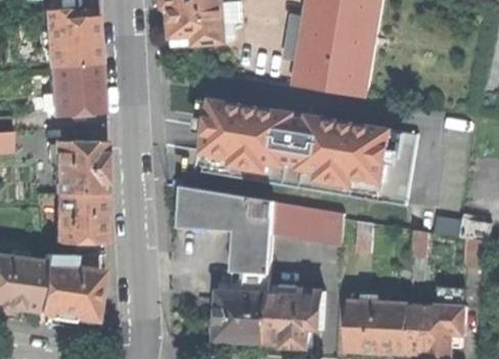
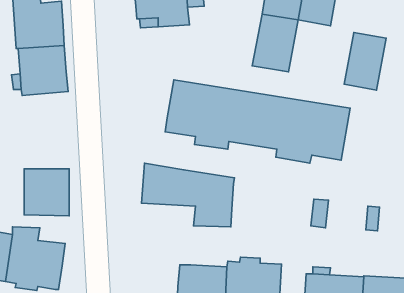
building: [330,38,374,98] -> [344,32,386,90]
building: [53,142,102,193] -> none
building: [271,209,343,246] -> none
building: [228,253,270,296] -> none

